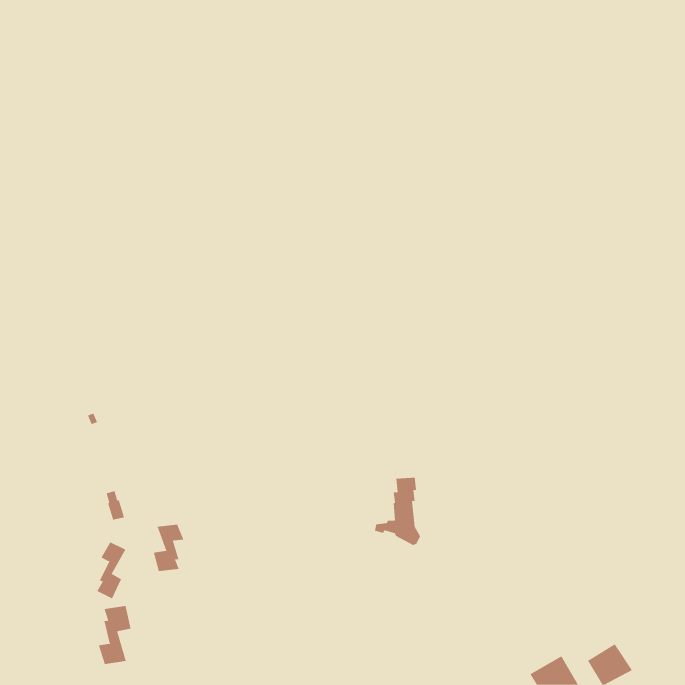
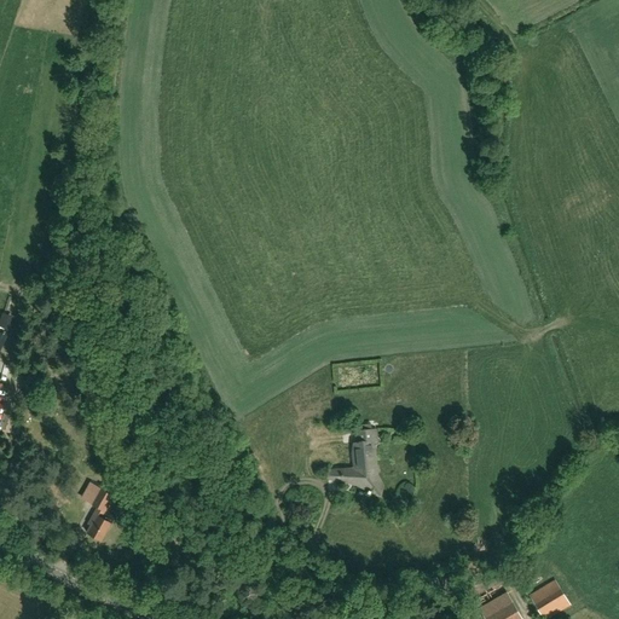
building: [153,524,184,572] -> none
building: [98,605,131,665] -> none

